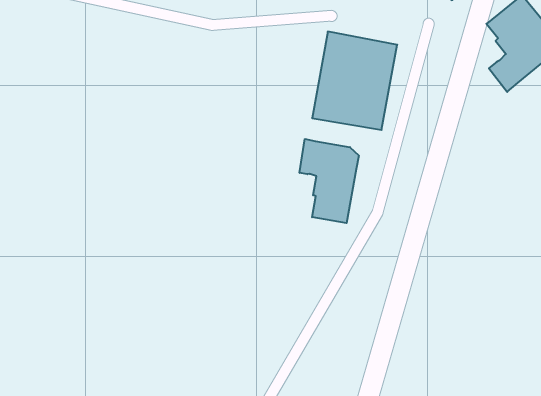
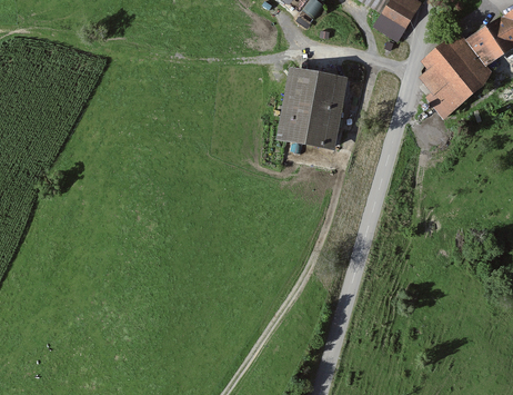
building: [300,139,359,223] -> none

